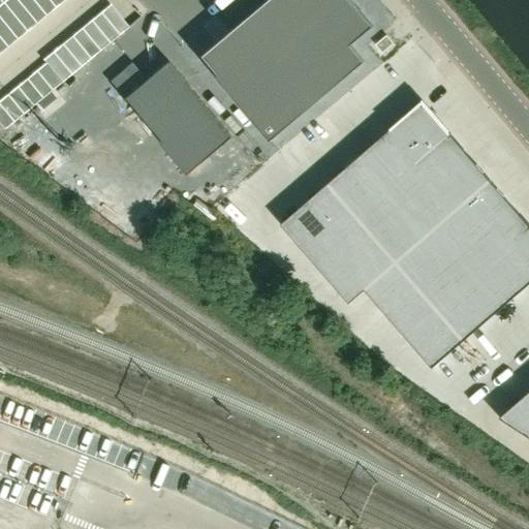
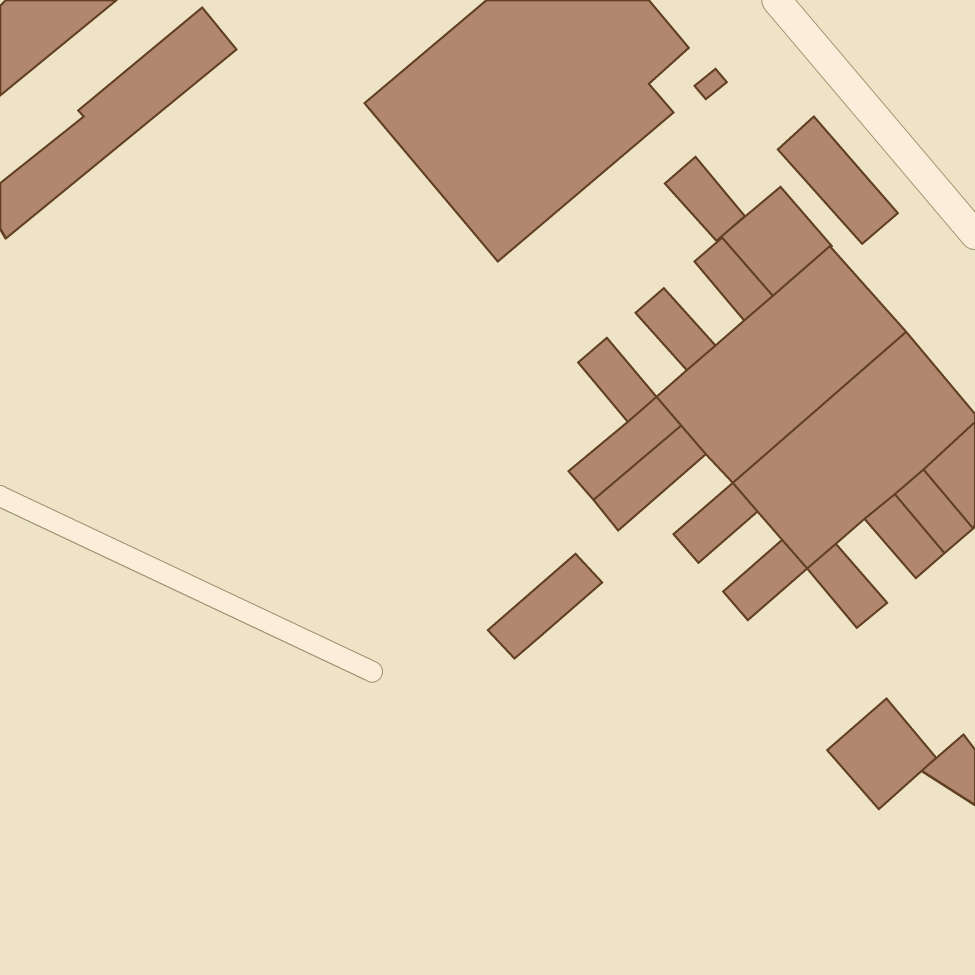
building: [108,60,232,175] -> none
building: none -> [778,116,898,244]
building: [360,142,403,187] -> [665,157,745,241]
building: [329,169,372,215] -> none
building: [281,196,340,255] -> none
building: [335,246,397,303] -> [488,554,602,659]
building: [378,277,424,320] -> none
building: [453,281,496,326] -> none
building: [405,308,464,368] -> [827,699,936,809]

